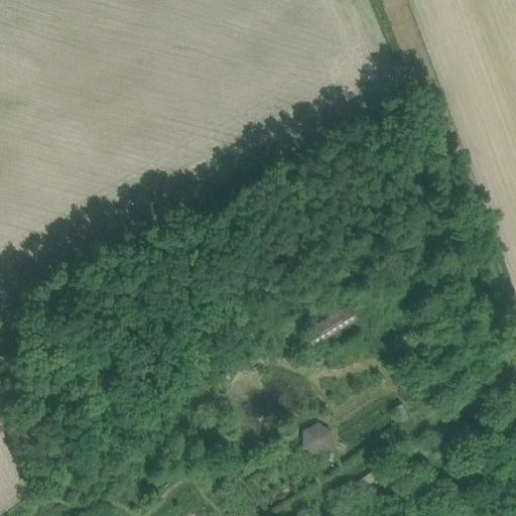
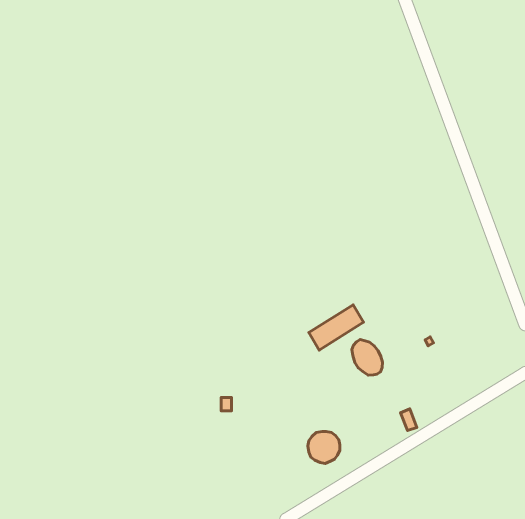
building: none -> [352,340,383,375]

